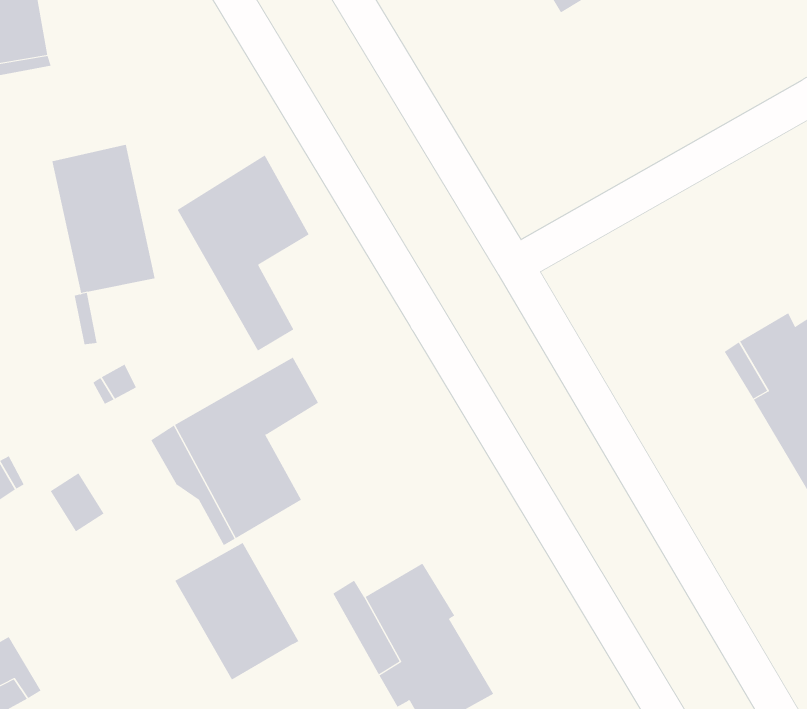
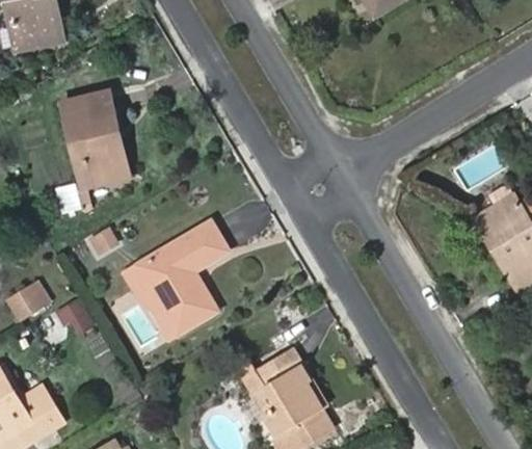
building: [177,155,310,351] -> none
building: [175,542,299,681] -> none

